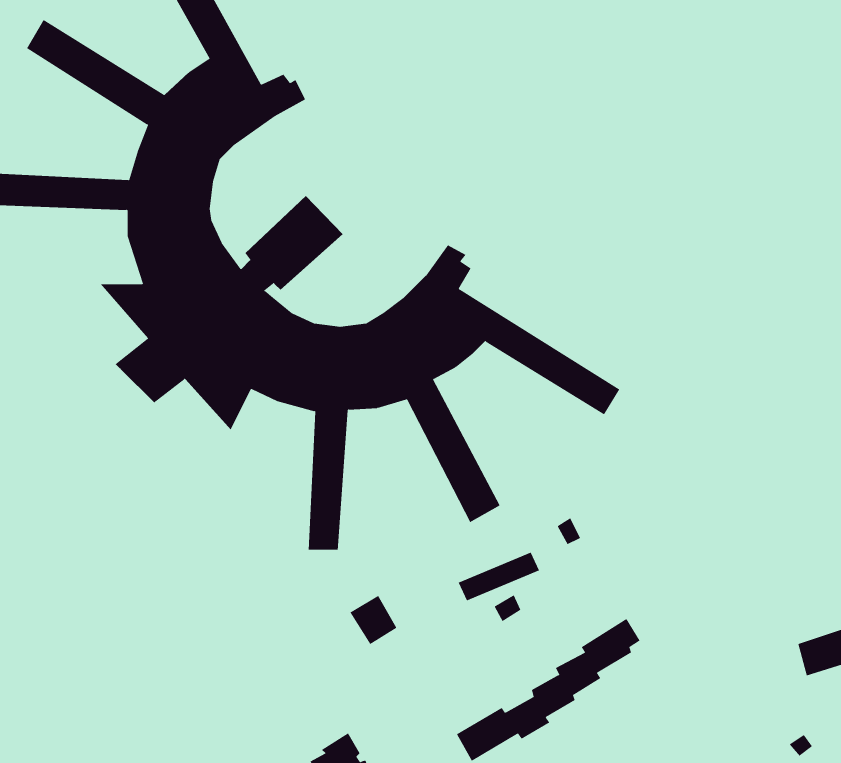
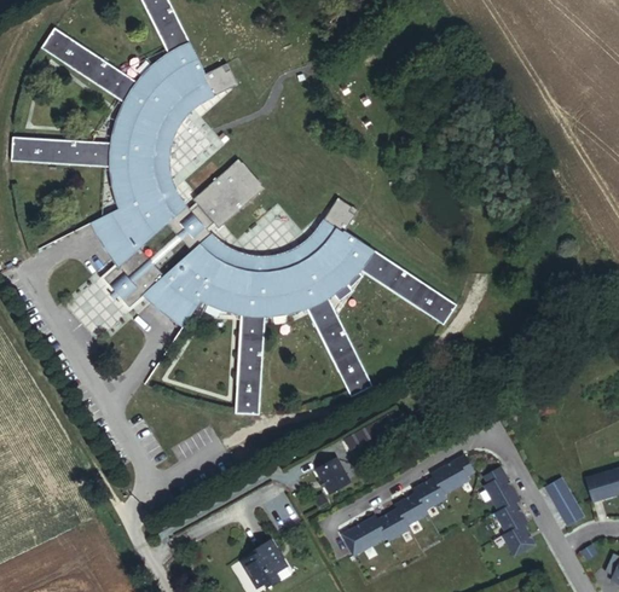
building: [349,595,397,645] -> [320,463,354,498]
building: none -> [482,468,533,555]
building: none -> [543,476,580,523]

